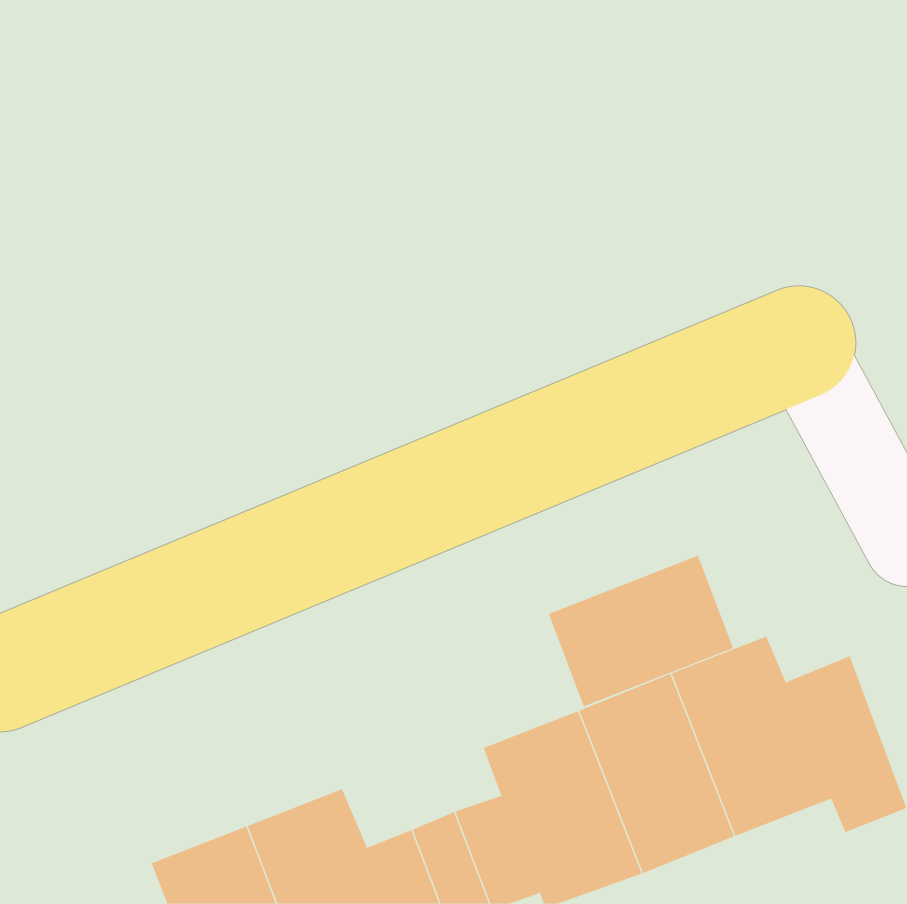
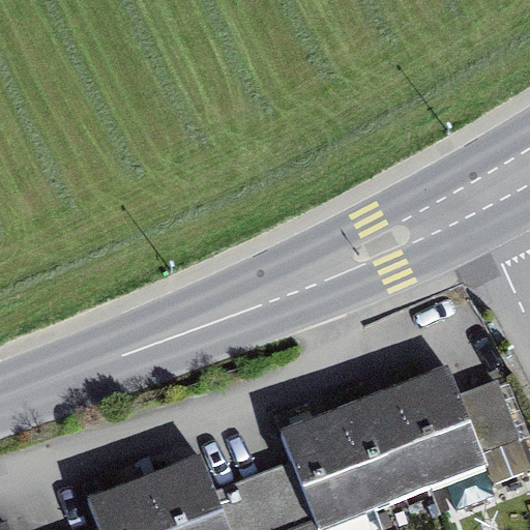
building: [548,555,734,707] -> none

